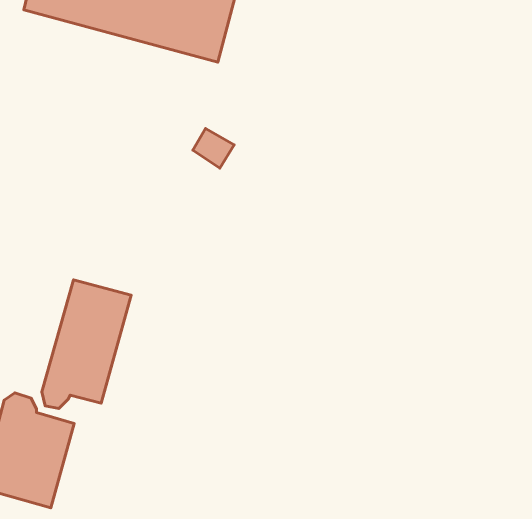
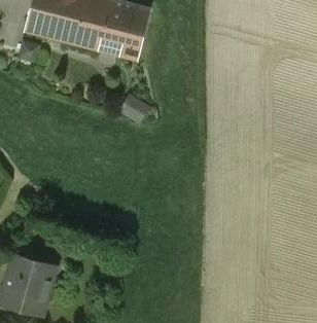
building: [42,280,131,408] -> none

